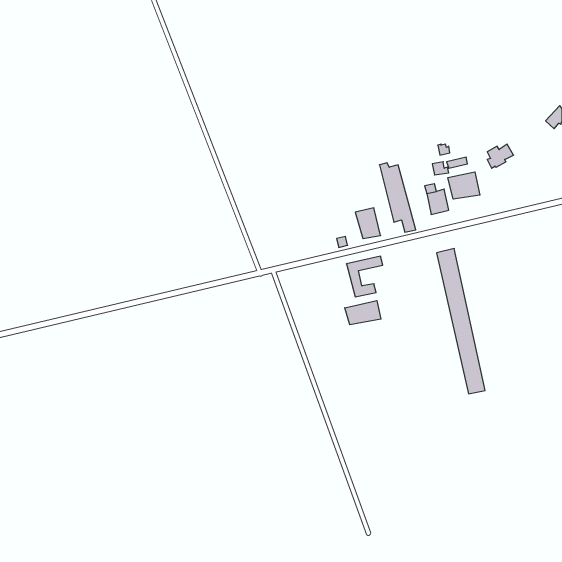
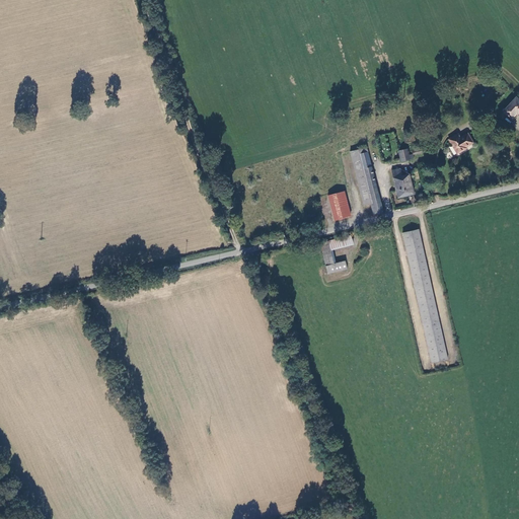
building: [448,172,480,199] -> none
building: [345,301,381,325] -> none

